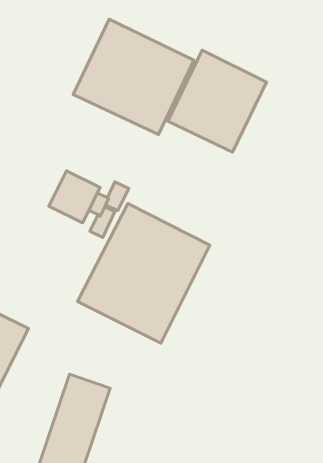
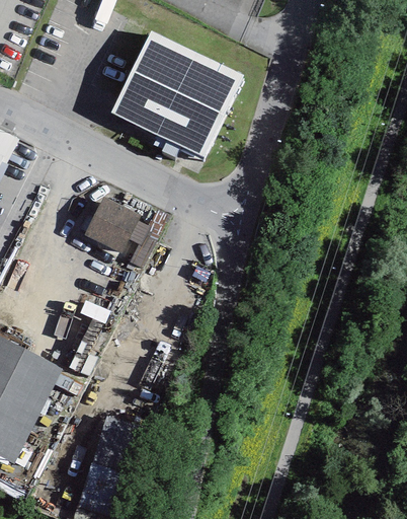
building: [168,50,267,152] -> none
building: [78,204,210,343] -> none

